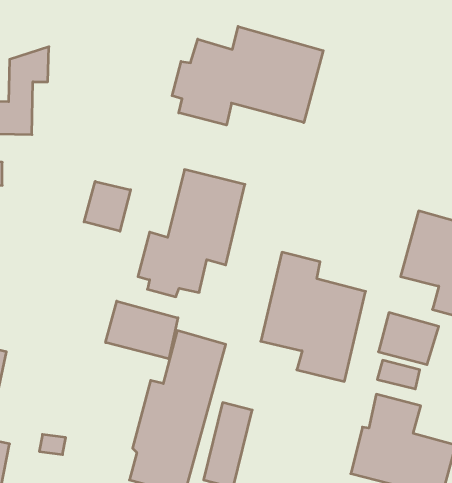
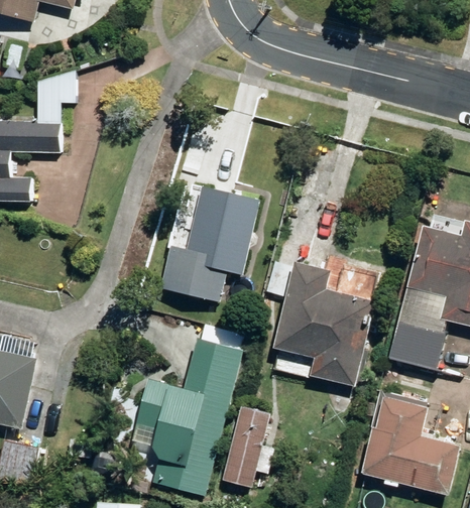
building: [172,26,323,125] -> none
building: [84,181,131,231] -> none
building: [106,301,178,359] -> none

